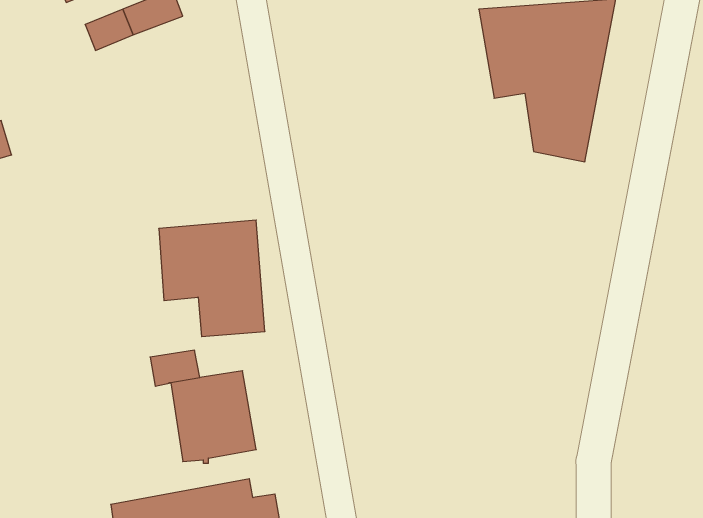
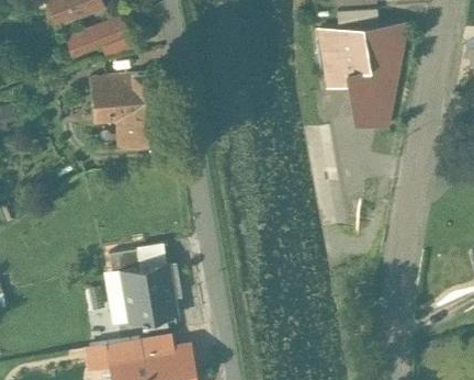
building: [159,220,265,337] -> [91,74,159,148]

